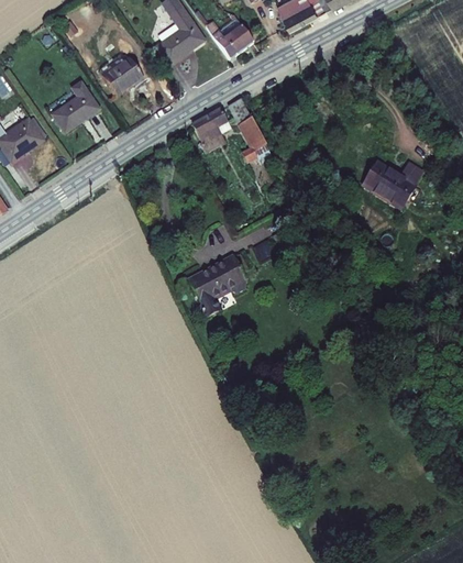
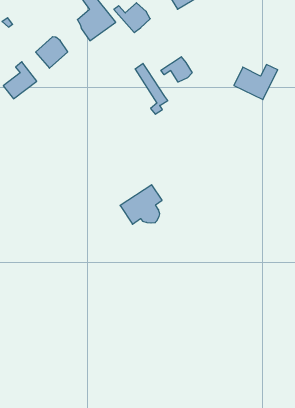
building: none -> [161,57,192,82]
building: [192,110,225,146] -> none
building: [365,157,423,202] -> [234,65,278,100]

